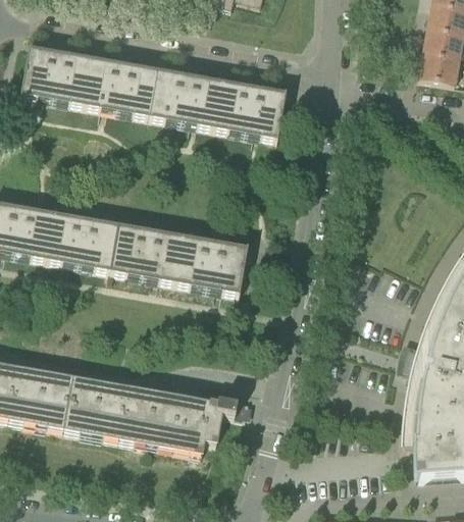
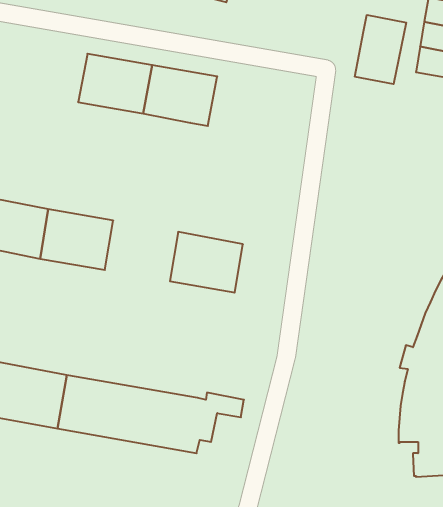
building: none -> [355,15,406,84]
building: [20,46,94,106] -> none
building: [213,81,287,141] -> none
building: [111,223,184,283] -> none

